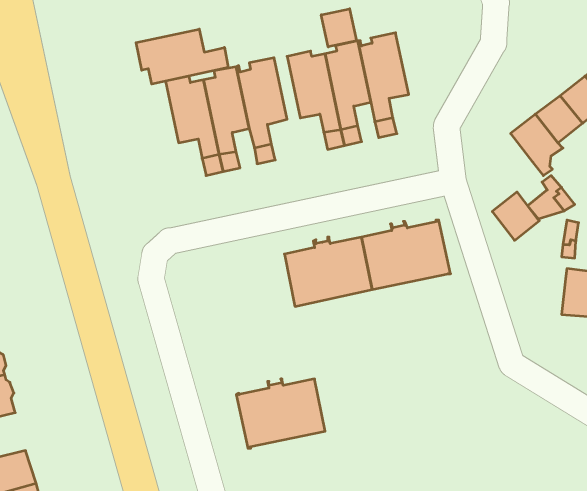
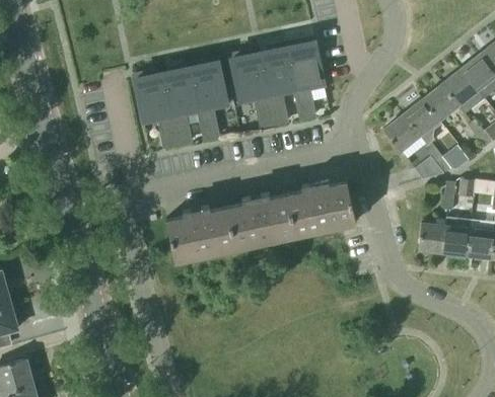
building: [321,9,357,47] -> none
building: [136,29,228,84] -> none
building: [492,192,539,240] -> [382,115,419,153]
building: none -> [417,225,444,255]
building: [236,379,325,448] -> [165,209,234,262]

